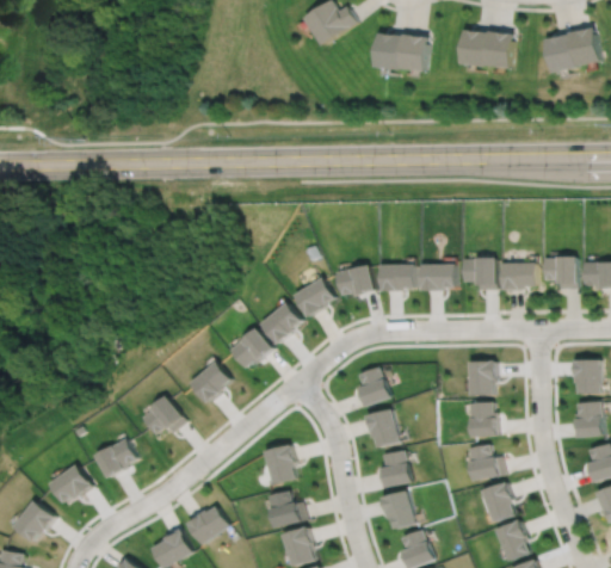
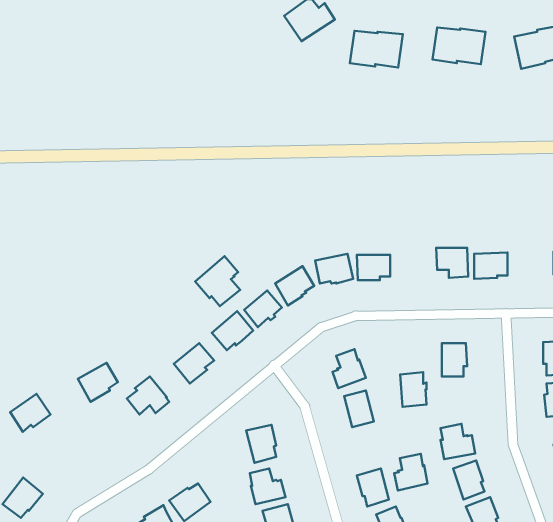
building: [544,258,578,290] -> none
building: [421,266,456,294] -> none
building: none -> [195,256,240,306]
building: [469,400,496,436] -> [400,372,427,407]
building: [95,437,137,477] -> [78,363,118,402]
building: [376,449,411,487] -> [394,454,428,490]
building: [50,463,92,502] -> [10,394,50,432]

